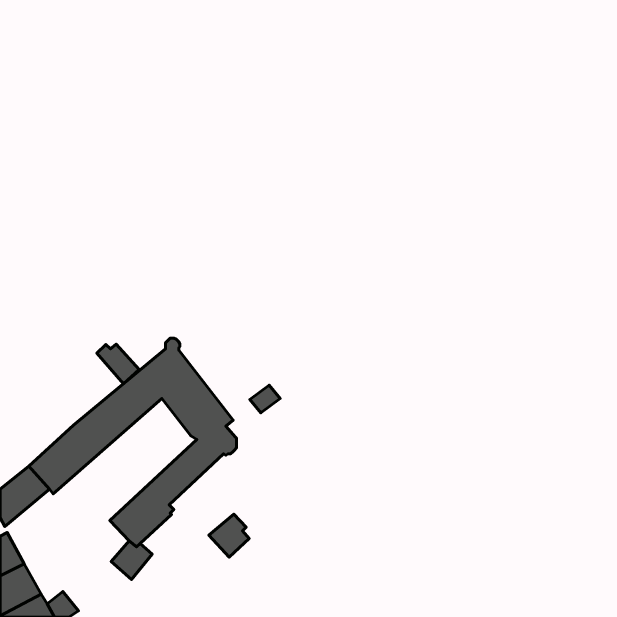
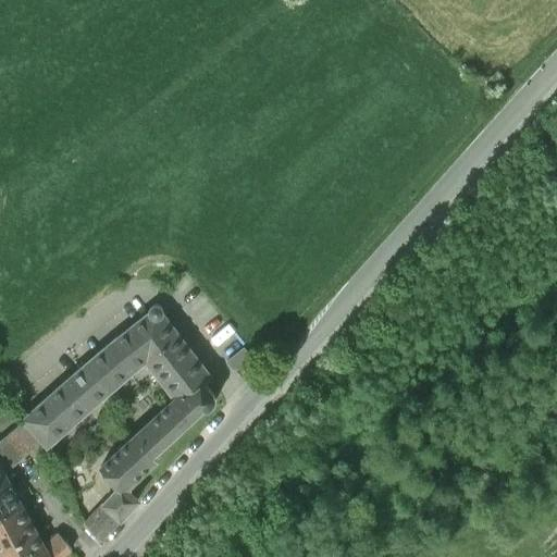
building: [97,344,139,384] -> none
building: [209,514,249,557] -> none
building: none -> [85,506,119,542]

